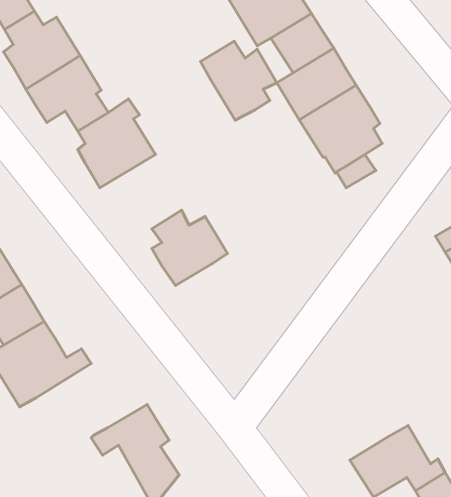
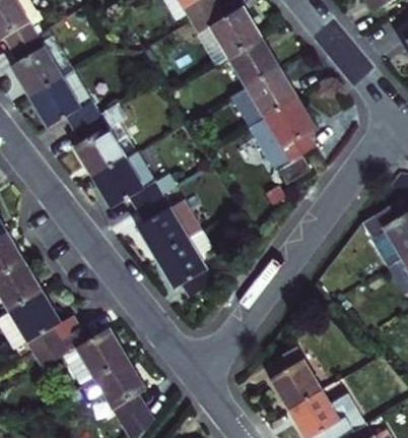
building: [201,41,277,120] -> none
building: none -> [89,154,156,215]
building: none -> [151,244,206,298]
building: none -> [37,325,128,385]
building: none -> [277,345,326,405]

